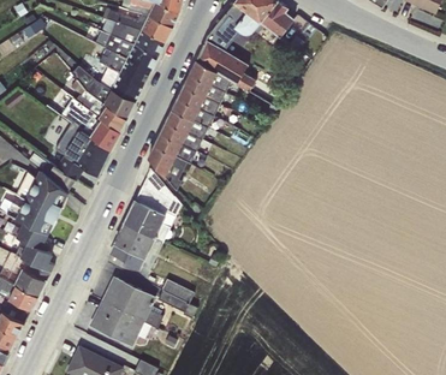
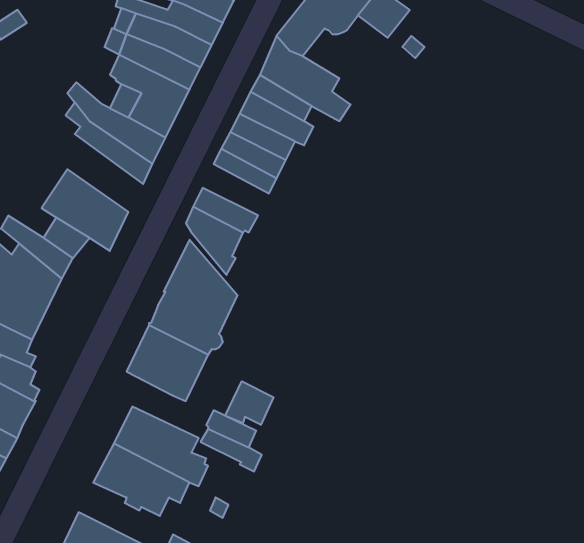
building: [60,96,120,149] -> none
building: [159,118,202,151] -> none
building: none -> [225,381,274,425]

